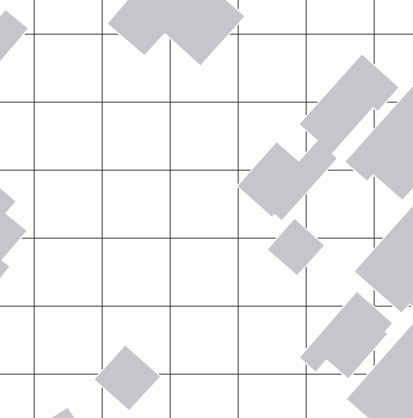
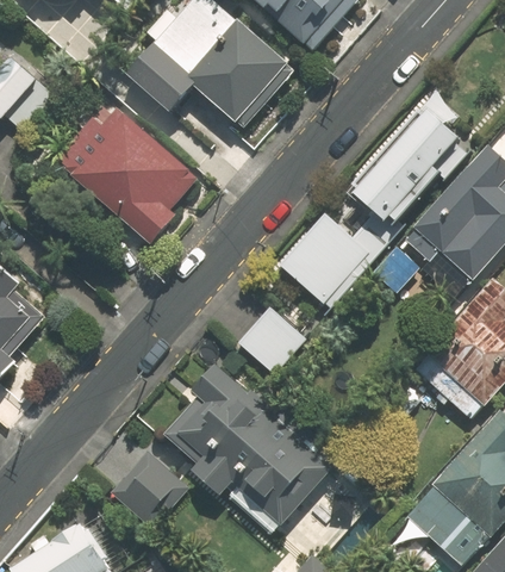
building: none -> [56,112,198,244]
building: [267,218,325,276] -> [238,305,306,373]
building: none -> [176,365,330,524]
building: [299,291,393,379] -> none

